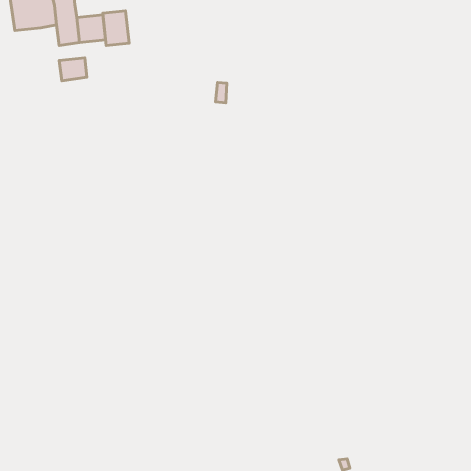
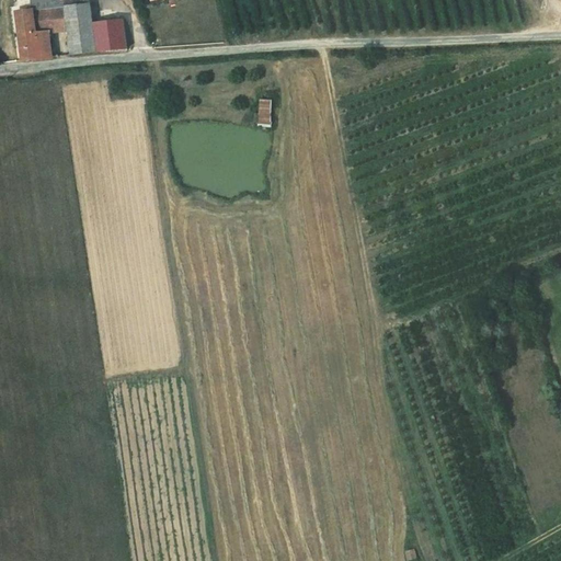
building: [103,11,129,46] -> none
building: [59,58,87,81] -> [18,33,50,60]

